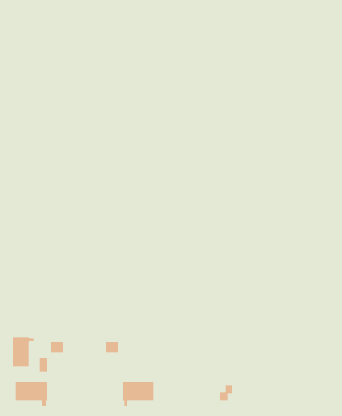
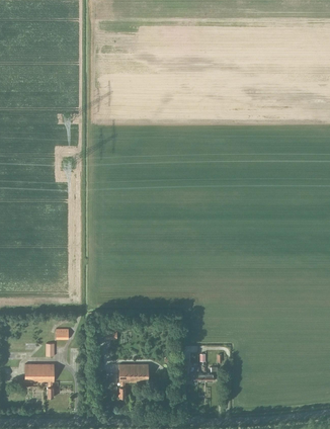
building: [13,336,34,367] -> none

